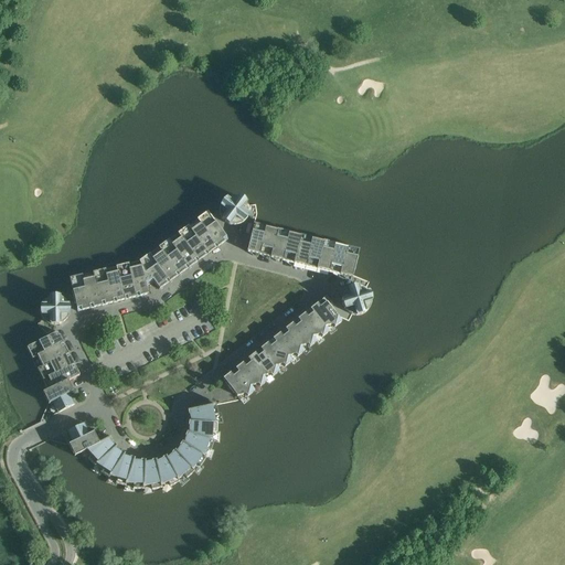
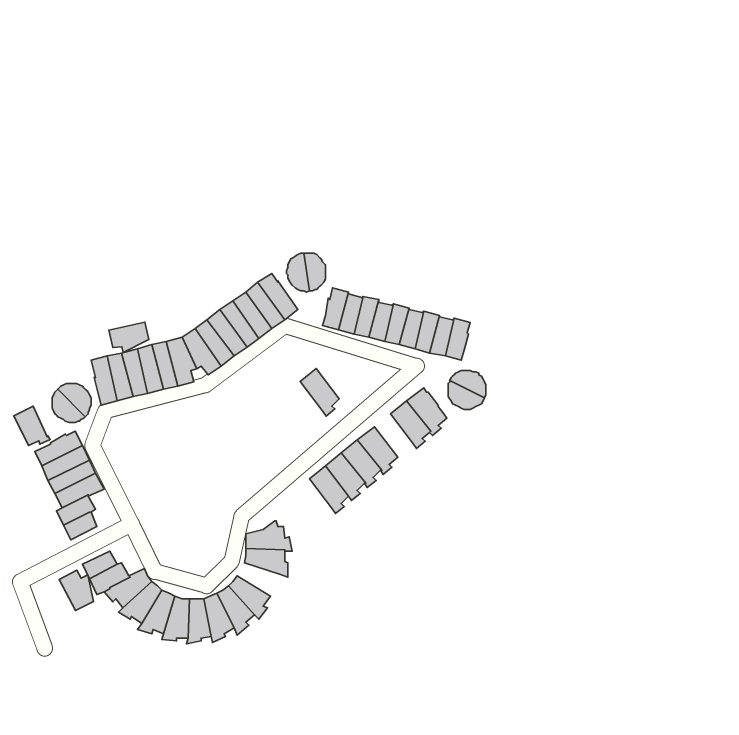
building: none -> [109,322,149,353]
building: none -> [14,406,50,445]
building: [286,316,316,352] -> [300,368,339,416]
building: [223,365,254,402] -> none
building: [181,429,214,458] -> none
building: none -> [59,570,93,611]

